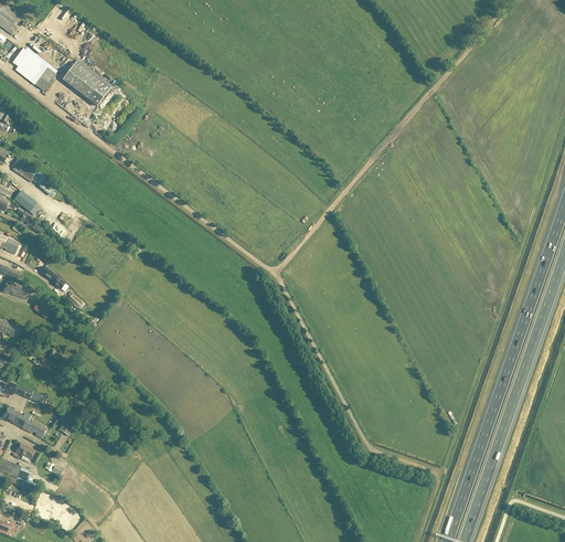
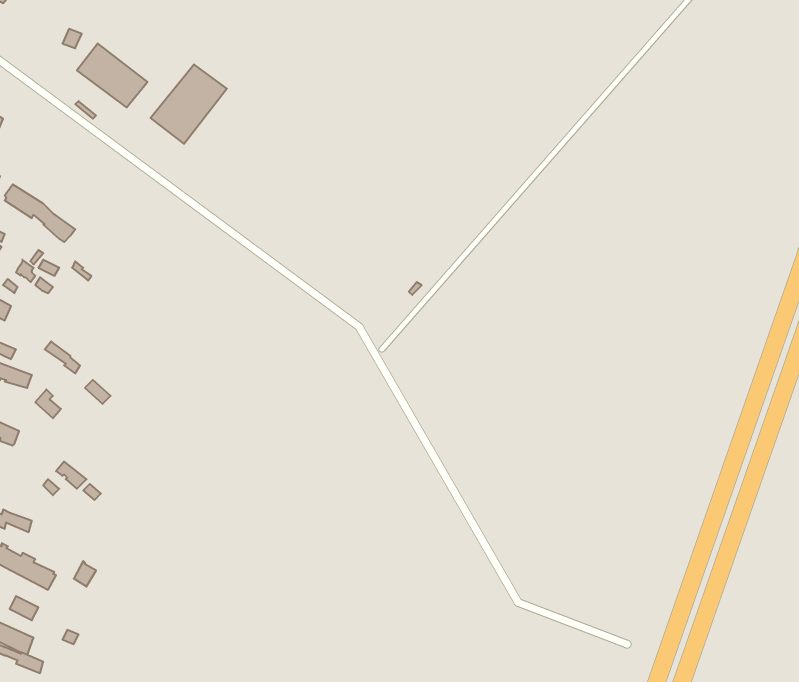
building: [12,49,52,89] -> none
building: none -> [151,64,227,144]

